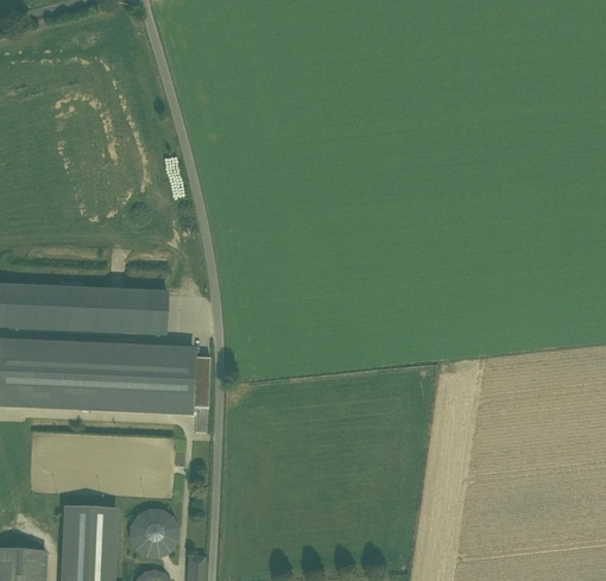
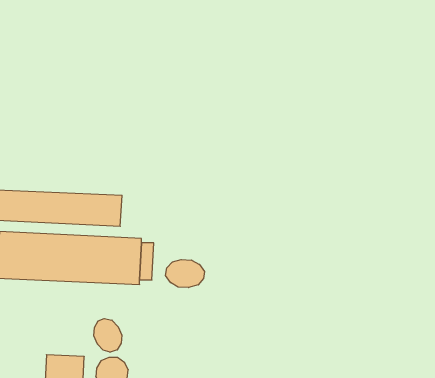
building: none -> [166,260,204,288]
building: none -> [94,319,122,352]

